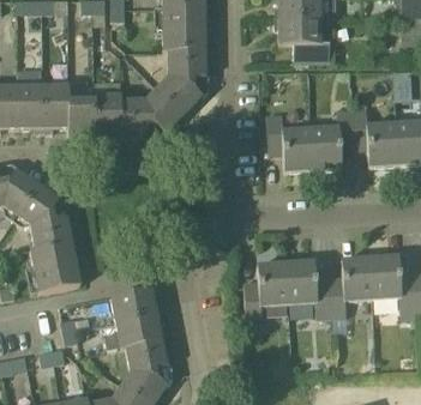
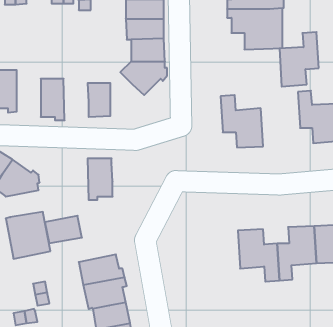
building: [42,85,68,137] -> none
building: [145,87,182,139] -> none
building: [94,95,121,140] -> [88,158,113,200]
building: [311,109,354,169] -> [279,32,319,87]
building: [30,217,71,247] -> [45,216,82,243]
building: [243,261,288,321] -> none

